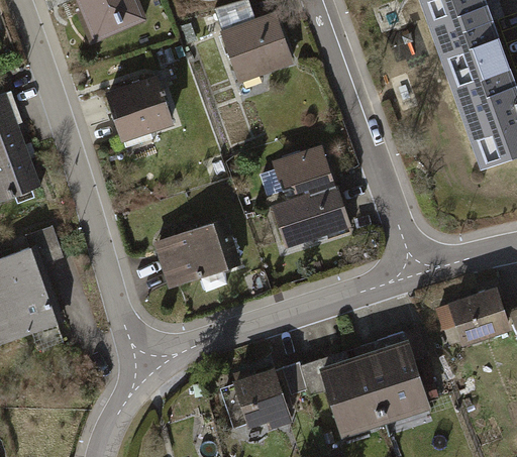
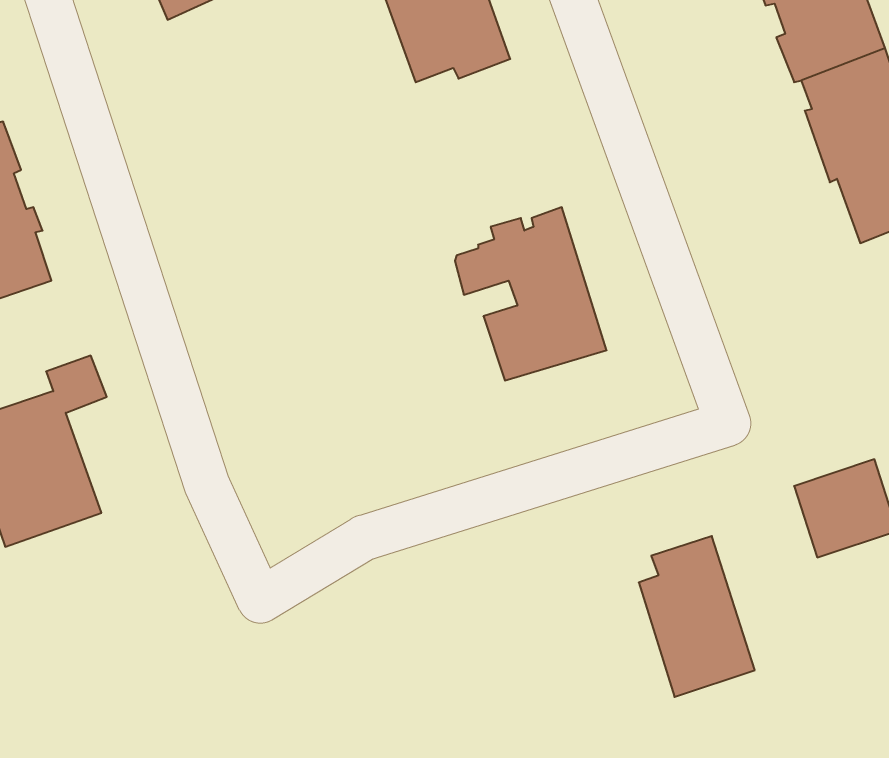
building: [106,76,173,147] -> none
building: [152,220,240,288] -> none
building: [282,351,384,435] -> none
building: [218,368,290,429] -> none

